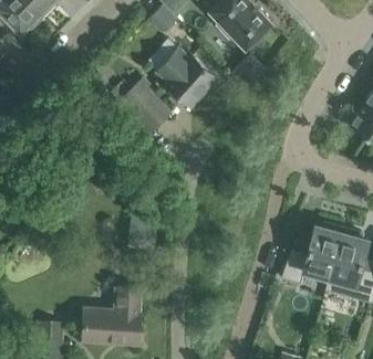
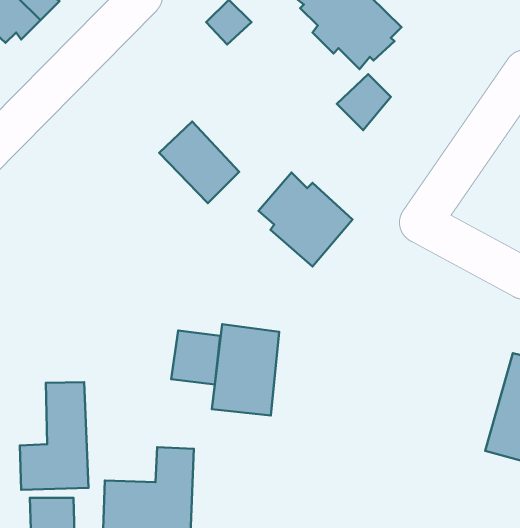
building: [156,46,216,106] -> [258,172,353,266]
building: none -> [212,324,279,416]
building: [280,223,343,291] -> none
building: none -> [20,382,88,490]

